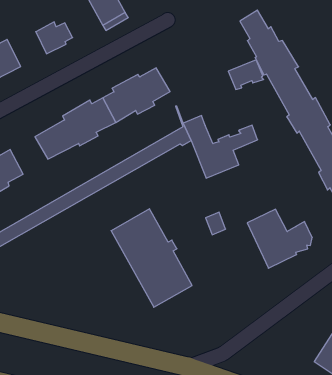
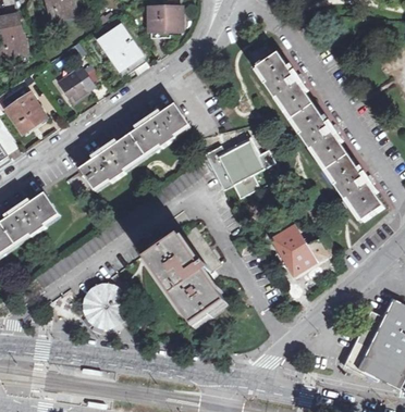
building: [228,60,264,89] -> [224,141,258,171]
building: none -> [81,283,133,330]

